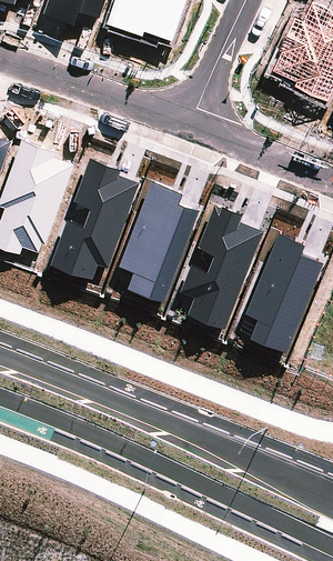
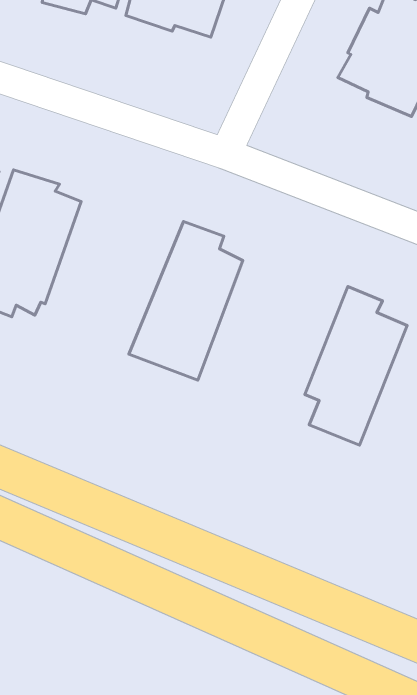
building: [50,158,139,280] -> none
building: [179,206,262,329] -> none

